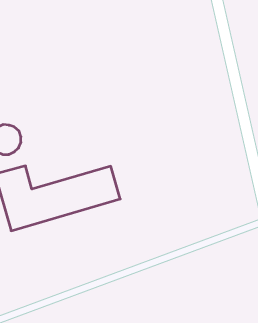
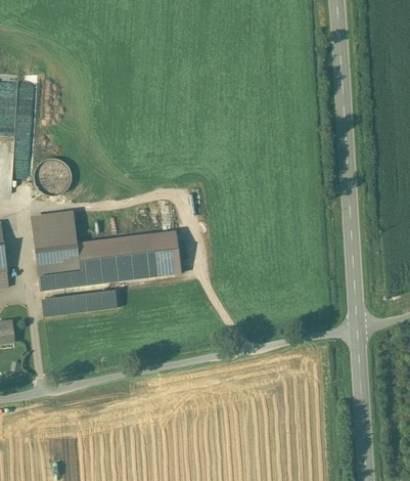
building: none -> [43,291,117,316]

